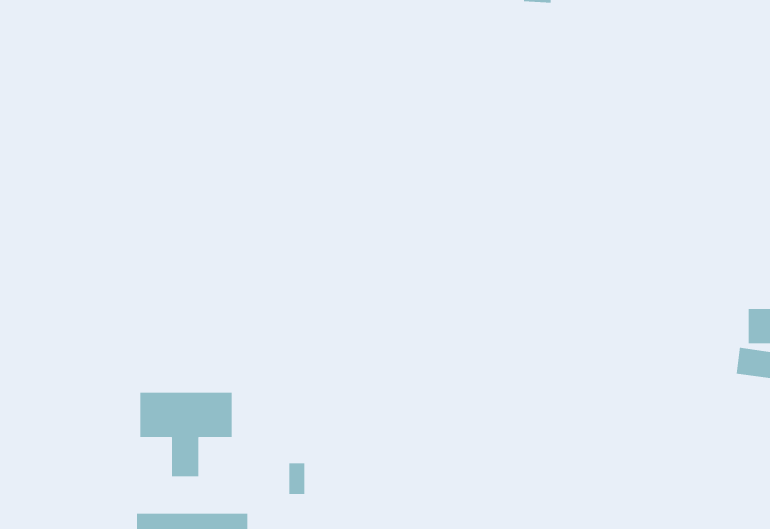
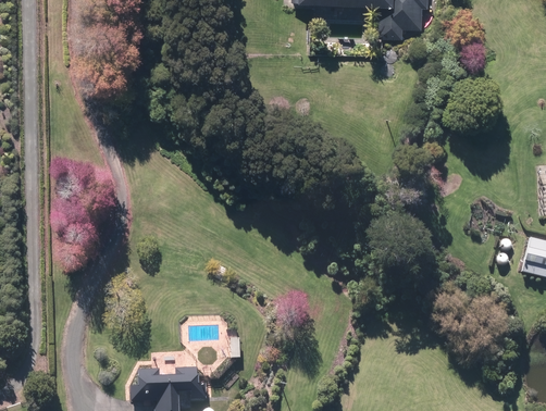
building: [140,392,232,477] -> none

